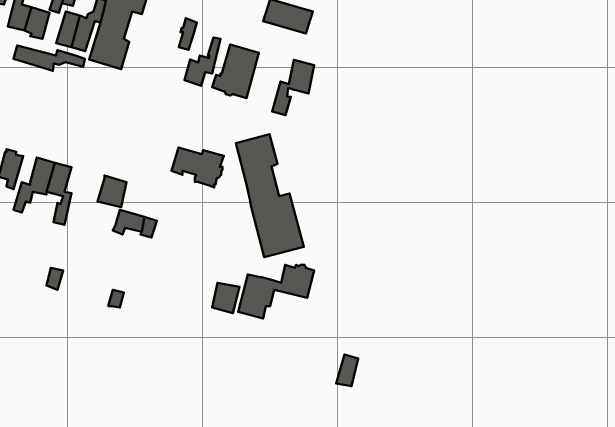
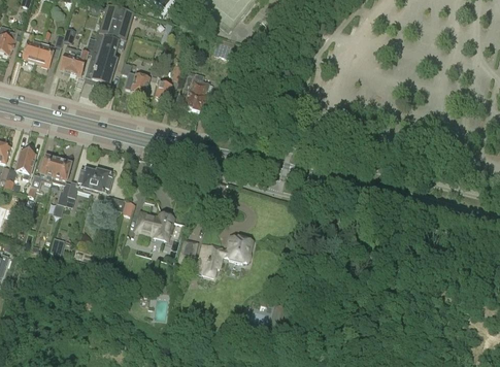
building: none -> [122,62,151,93]
building: [13,45,85,71] -> none
building: [272,60,314,115] -> none
building: [236,134,304,257] -> none
building: [171,147,224,187] -> [135,210,174,240]
building: none -> [66,167,96,206]

